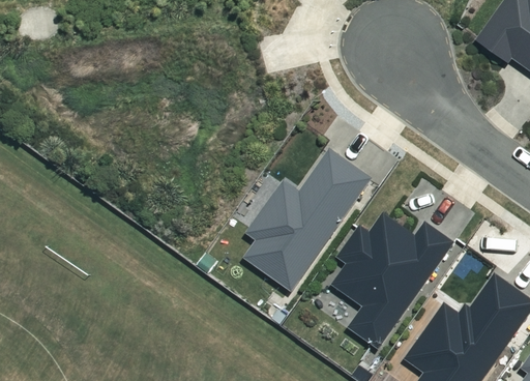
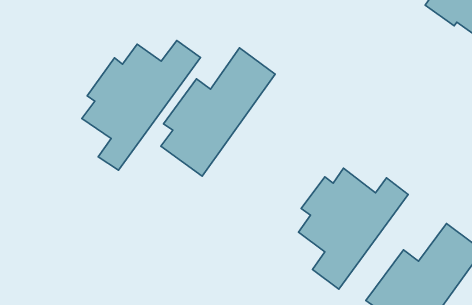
building: none -> [82,41,201,170]
building: [245,148,372,290] -> [161,48,275,176]

